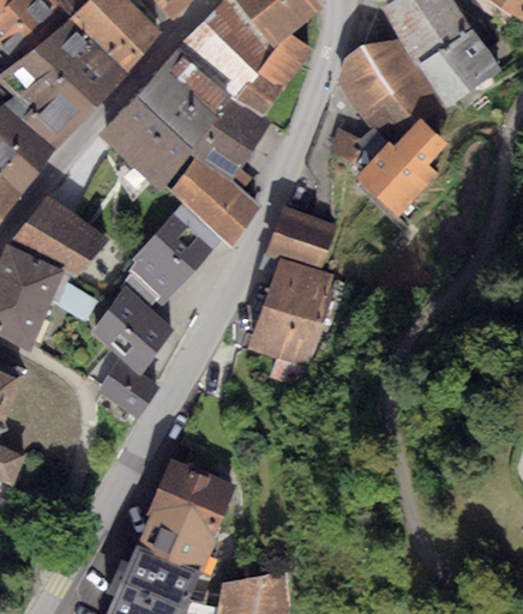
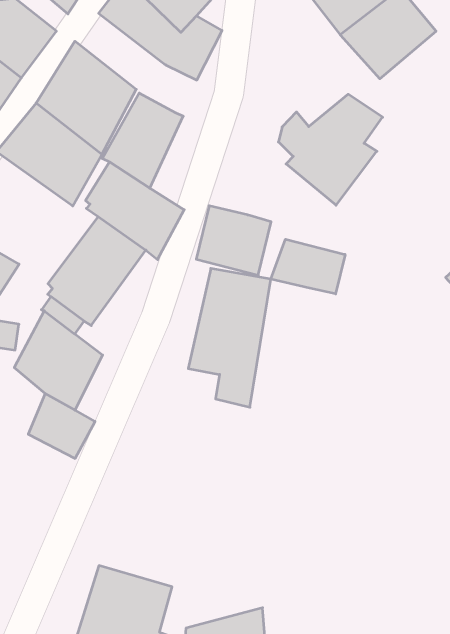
building: [179,22,284,119] -> none
building: [336,41,440,144] -> none
building: none -> [271,239,345,294]
building: [146,458,238,543] -> none

